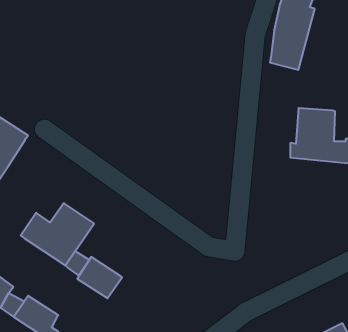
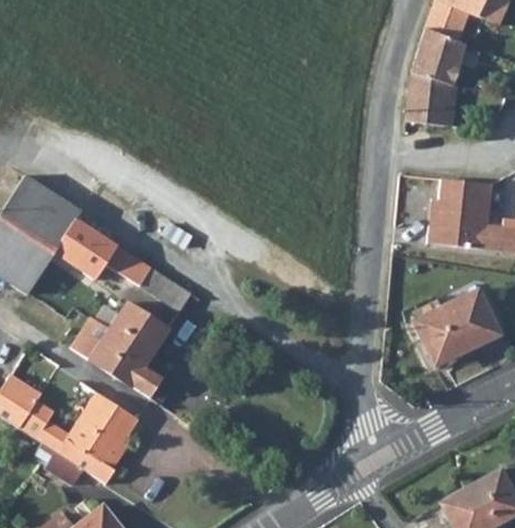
building: none -> [55,219,194,315]
building: none -> [408,290,498,359]
building: [77,257,122,298] -> [81,400,141,456]

